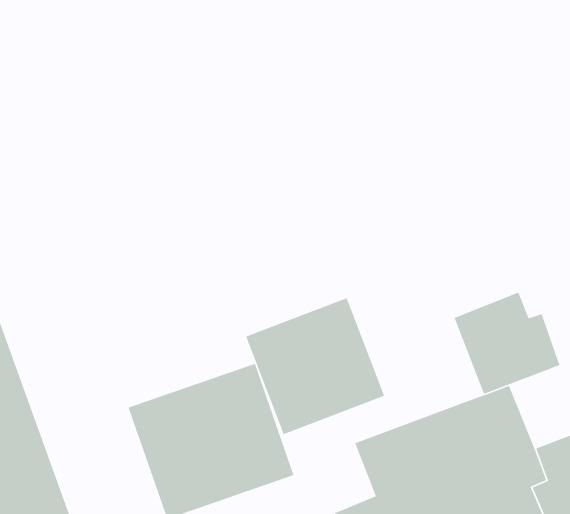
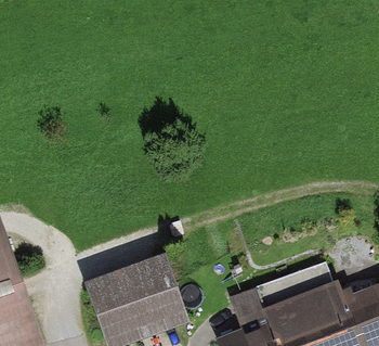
building: [454,292,561,395] -> none
building: [245,297,385,435] -> none

